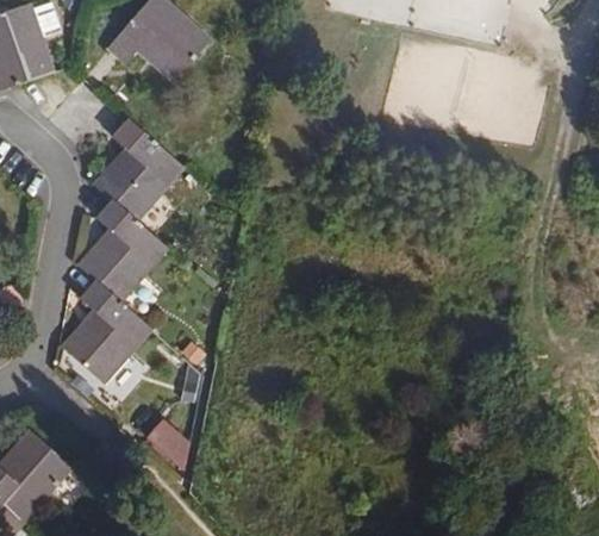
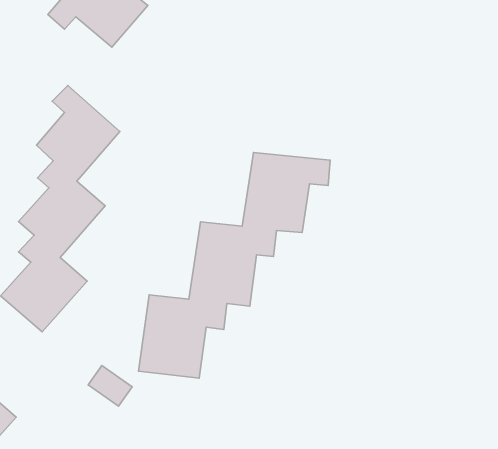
building: none -> [139,153,330,378]

